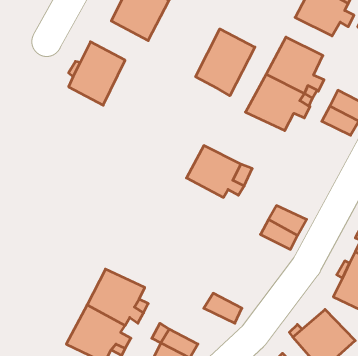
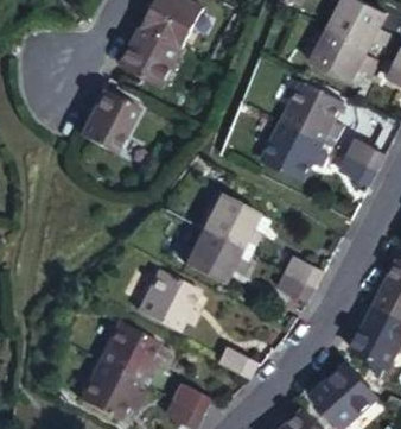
building: [196,29,255,96] -> none
building: none -> [185,228,247,282]
building: none -> [139,270,199,330]

